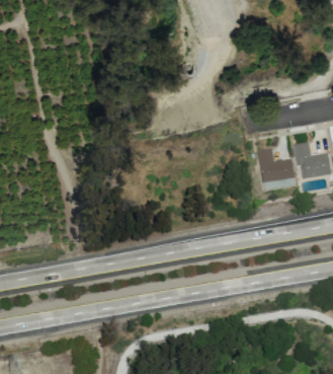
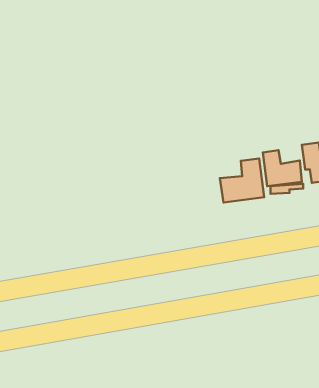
building: none -> [220,159,264,202]

